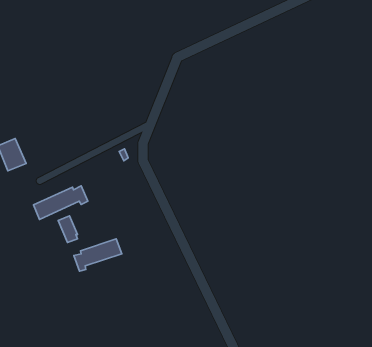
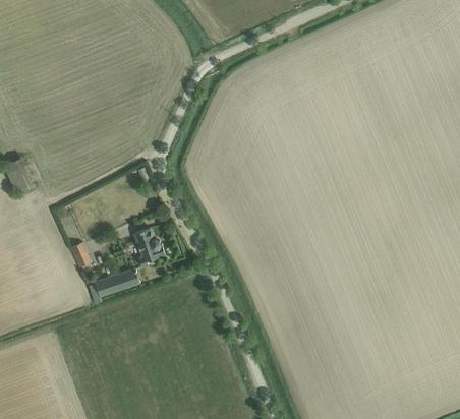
building: [33,186,88,220] -> none
building: none -> [133,228,165,267]

